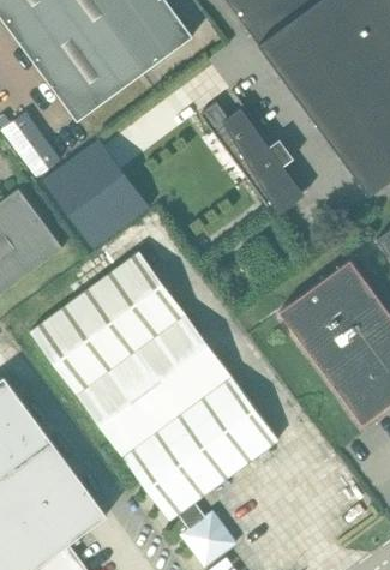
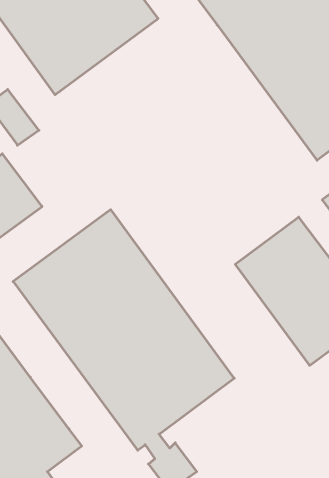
building: [199,102,304,212] -> none
building: [41,137,150,248] -> none

